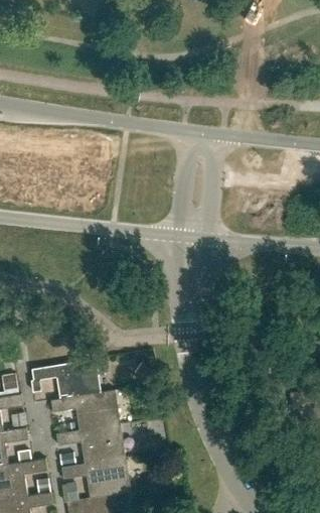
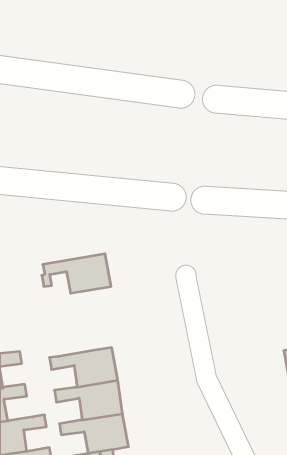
building: [30,361,101,401] -> [42,254,111,293]

